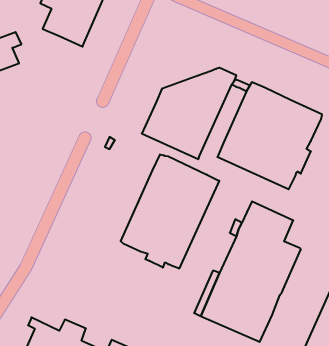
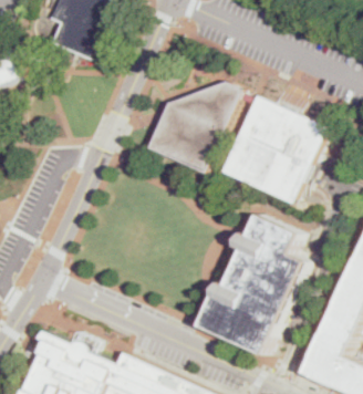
building: [121,154,219,269] -> none

